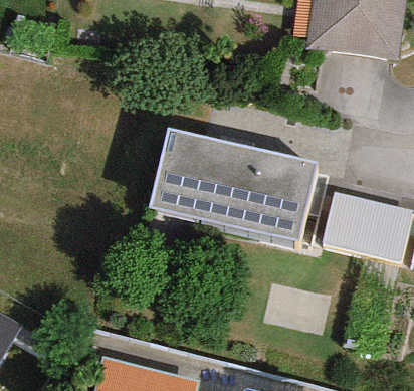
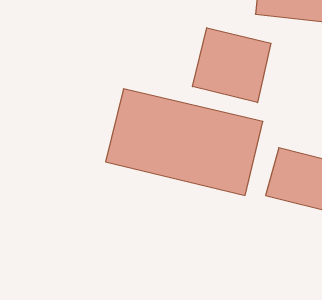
building: none -> [193,28,271,103]

